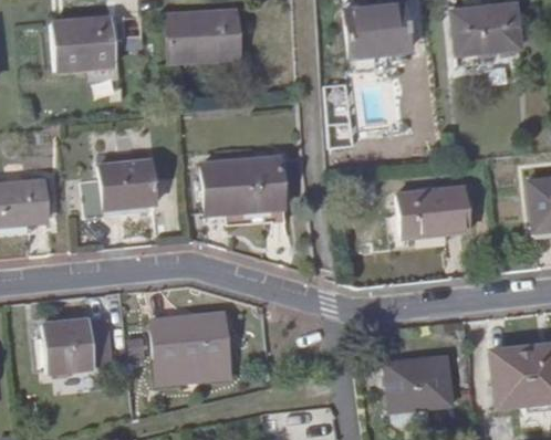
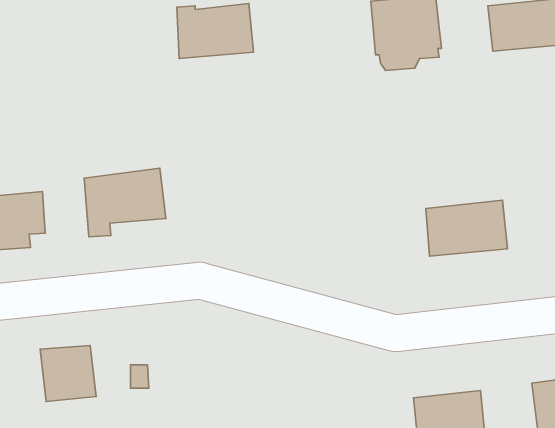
building: [53,17,118,69] -> none
building: [202,157,278,226] -> none
building: [154,312,231,383] -> none

